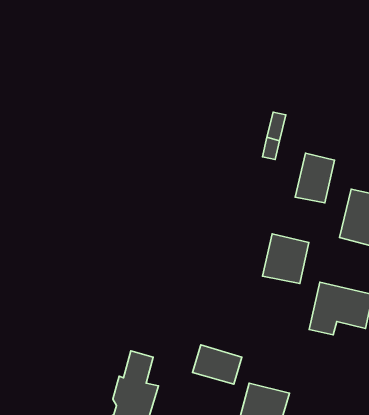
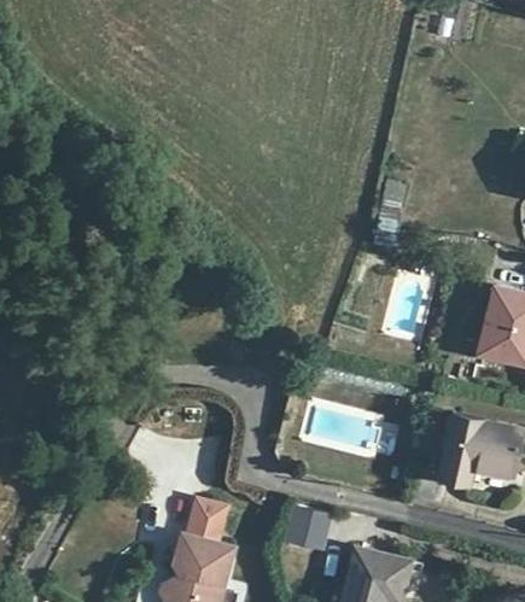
building: [295,153,335,203] -> none
building: [263,234,309,283] -> none

